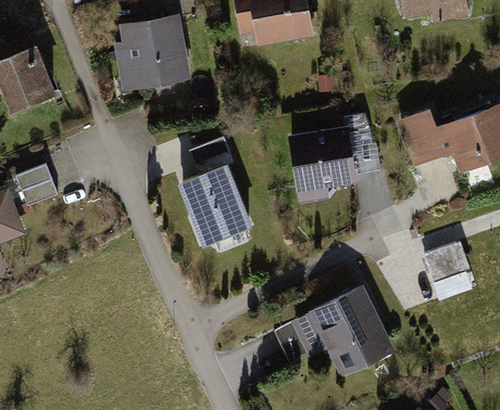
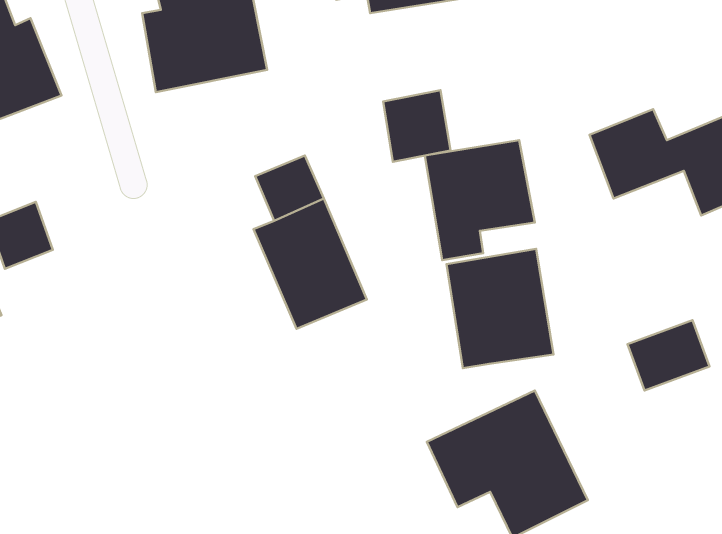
building: none -> [383,90,450,162]
building: none -> [447,249,553,368]

